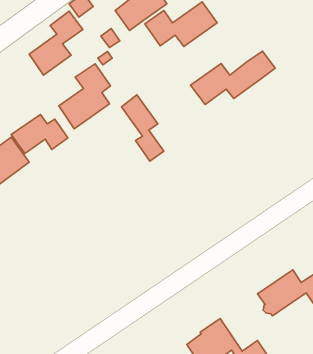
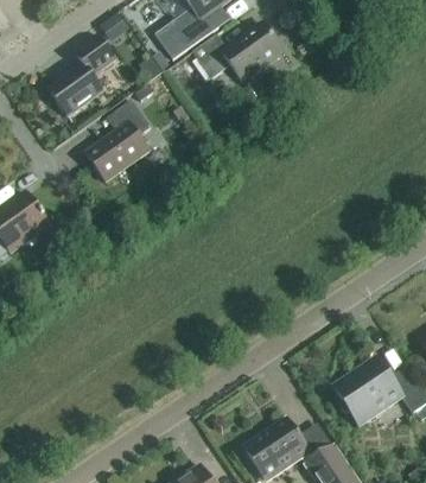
building: [190,51,275,105] -> none
building: [122,95,164,161] -> none
building: [11,114,68,154] -> none

